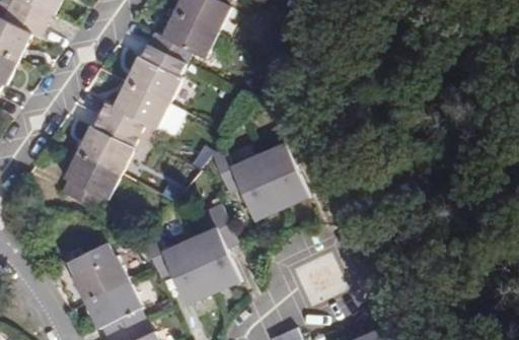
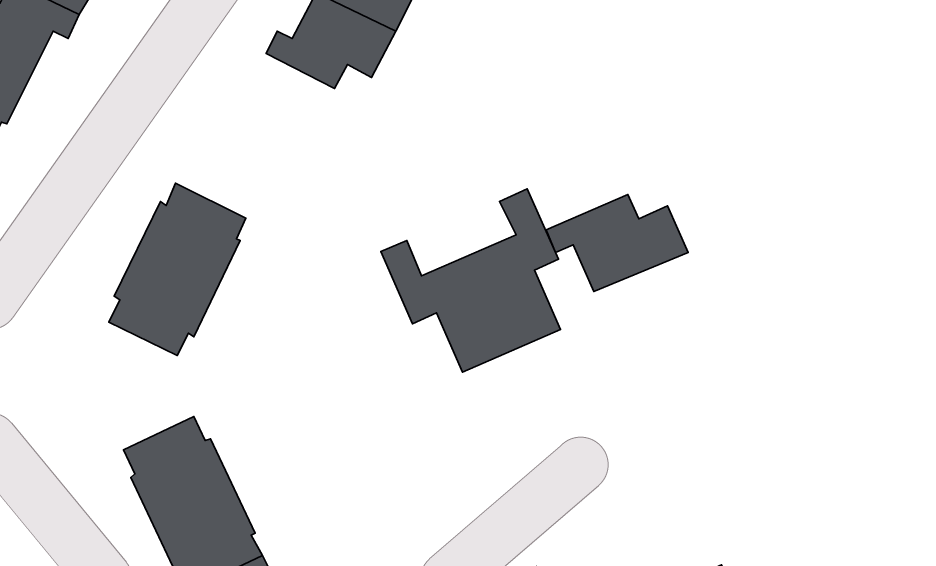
building: [96,46,183,143] -> none
building: none -> [546,195,688,292]
building: [141,204,238,304] -> none

